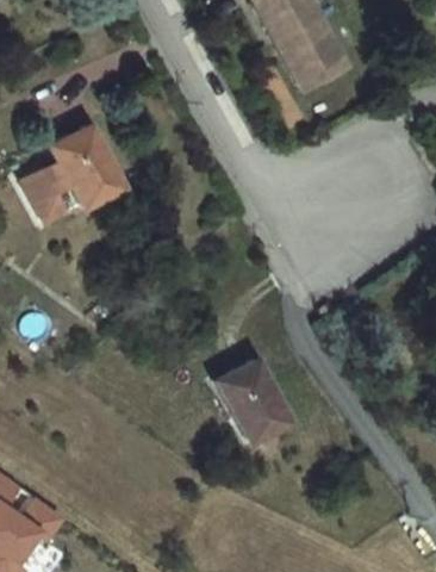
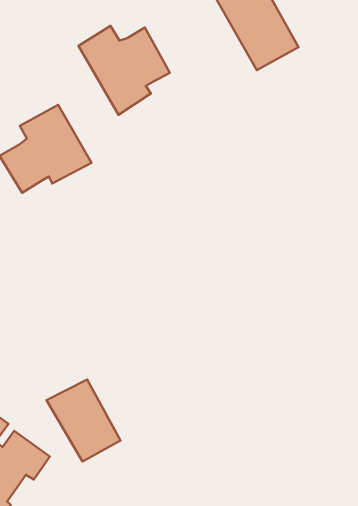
building: none -> [78,26,170,115]
building: [210,373,286,458] -> [47,379,121,461]

